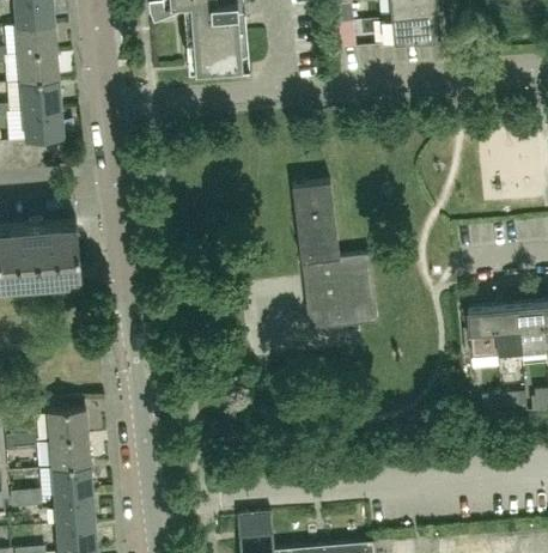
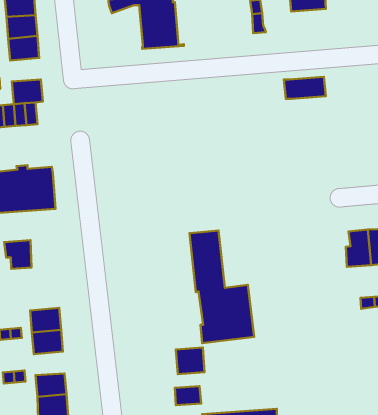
building: [383,14,438,43] -> [284,77,326,99]
building: [20,79,61,110] -> none
building: [291,181,376,329] -> [189,230,254,343]
building: none -> [4,240,31,269]
building: none -> [176,347,205,374]
building: [51,466,92,497] -> none

